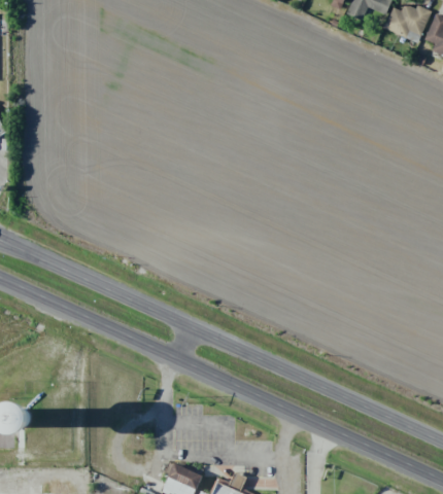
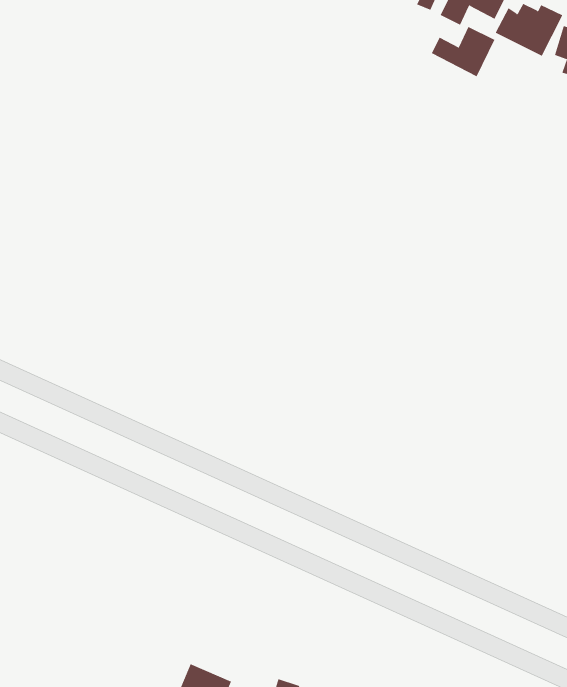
building: none -> [431,26,495,77]

